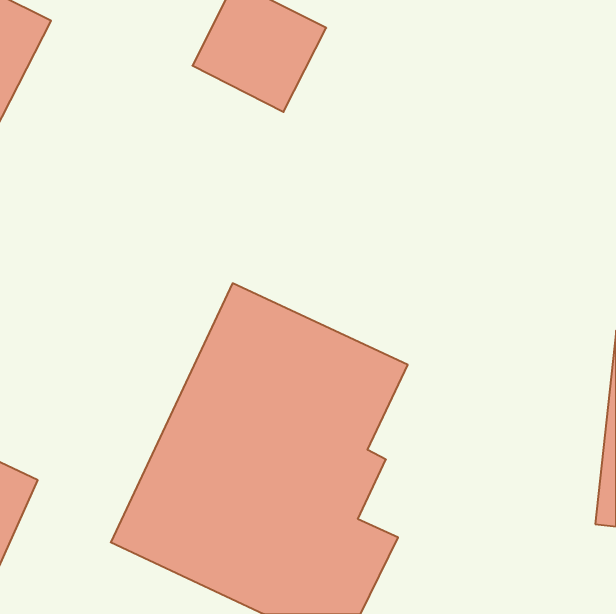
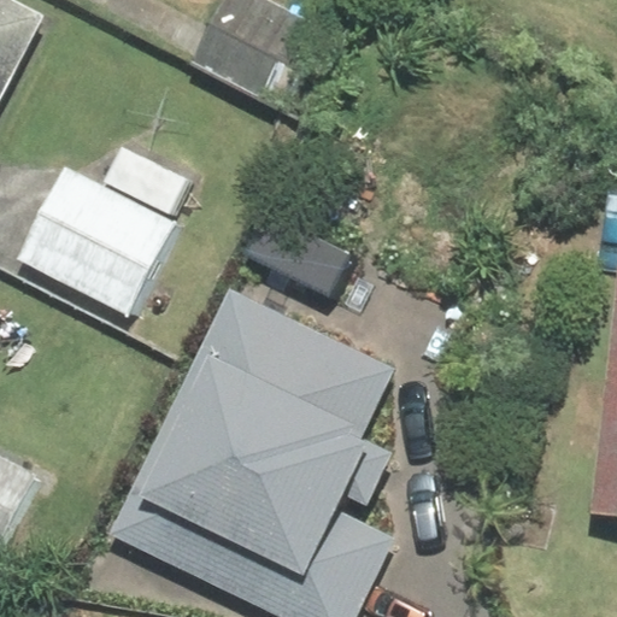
building: none -> [16,145,188,324]

